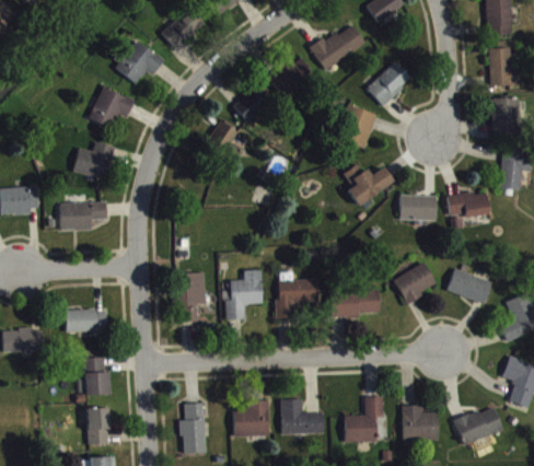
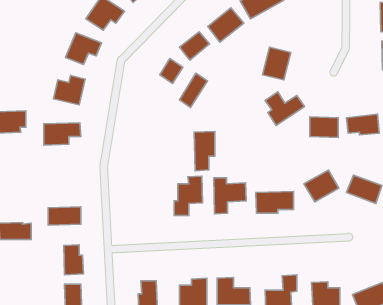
building: [367,63,411,105] -> none
building: none -> [180,73,208,107]
building: [179,272,206,323] -> [194,131,215,171]

